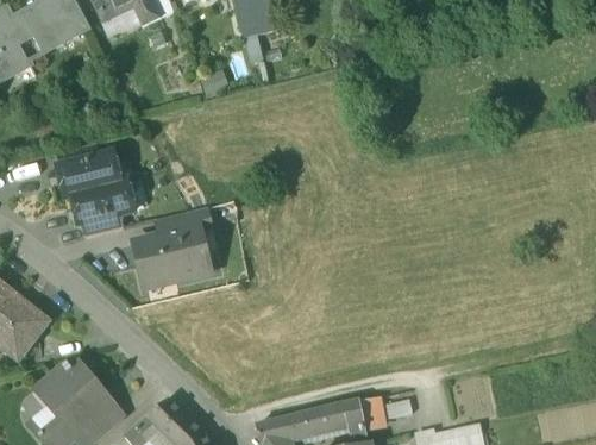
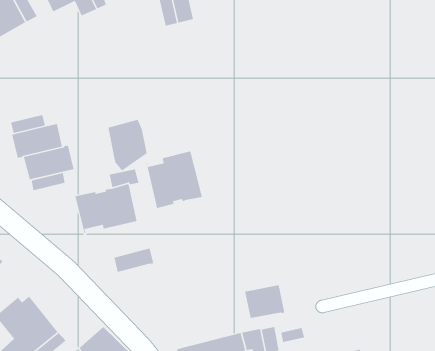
building: none -> [108,119,148,171]
building: none -> [146,150,202,209]
building: none -> [113,247,154,273]
building: none -> [244,284,285,319]

